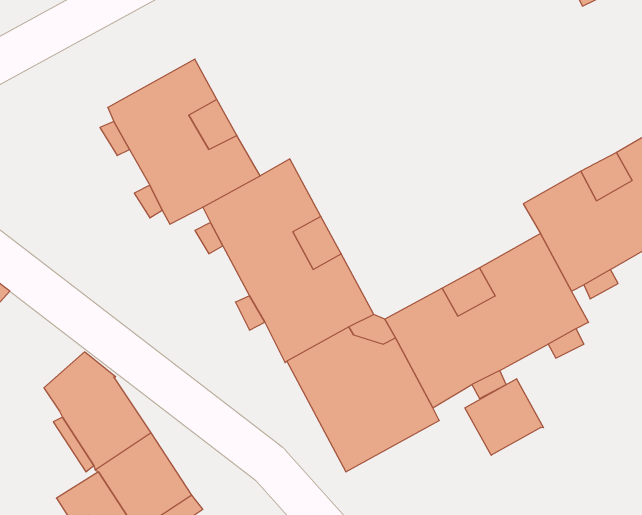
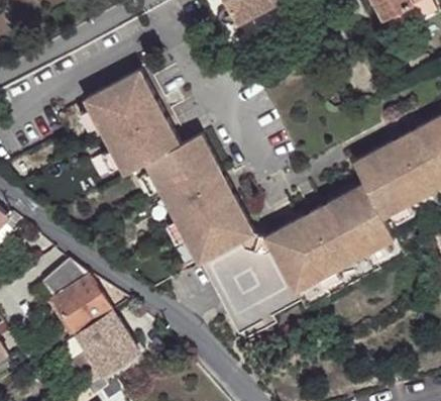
building: [465,379,543,455] -> none

